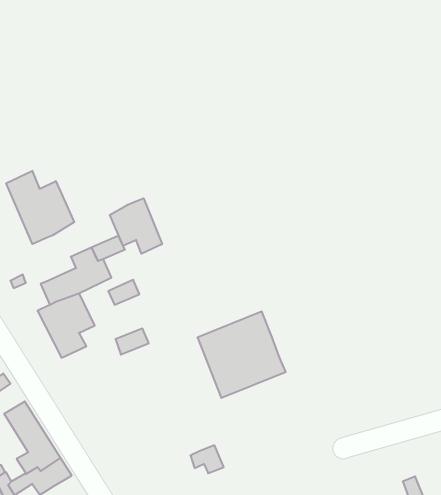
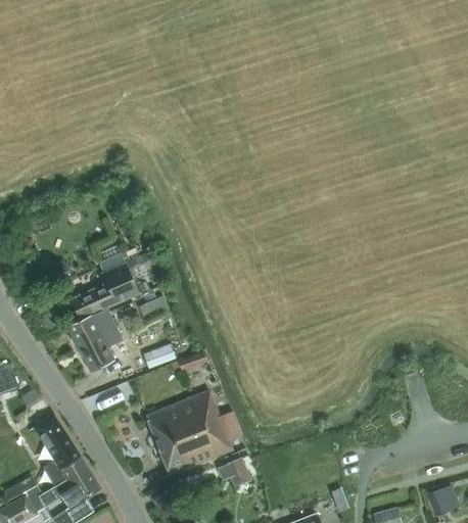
building: [6,171,74,244] -> none
building: [110,198,162,254] -> none
building: [197,312,286,398] -> [146,390,233,475]

